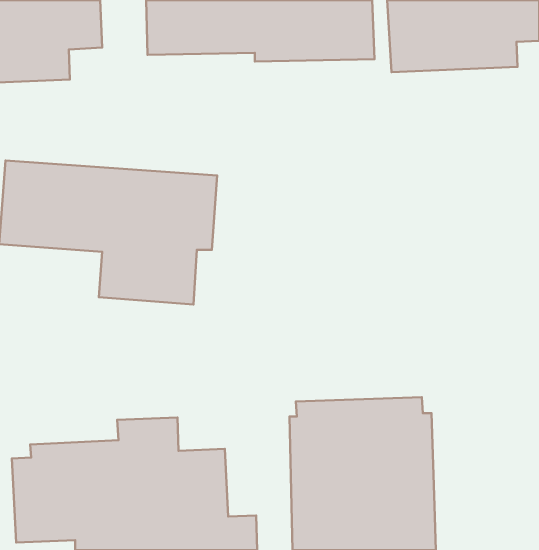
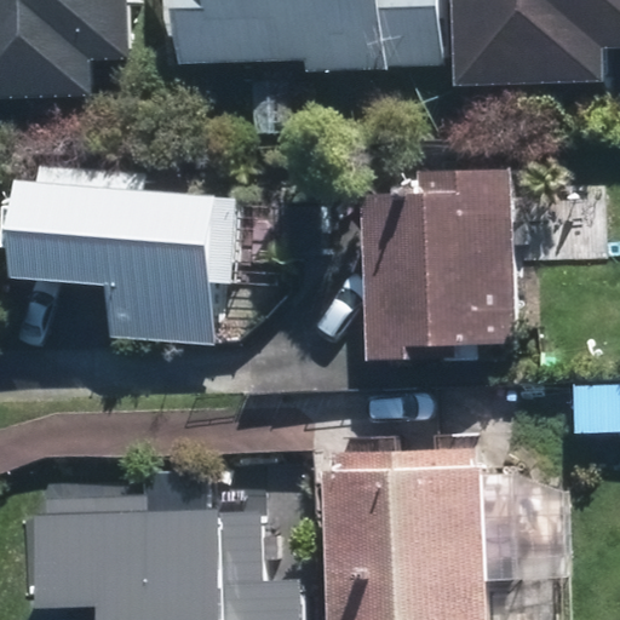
building: none -> [363,166,516,360]

